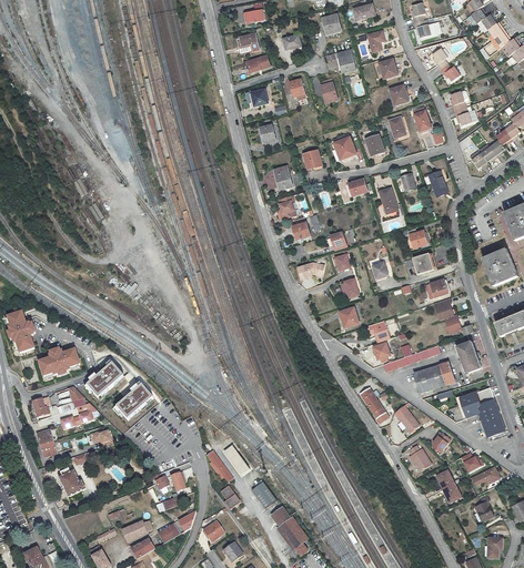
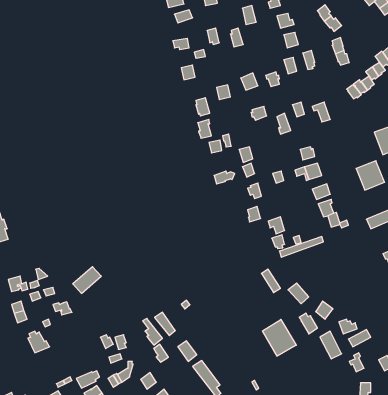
building: [457,334,482,374] -> none
building: [39,351,80,376] -> none
building: [413,362,455,393] -> none
building: [88,364,124,398] -> none
building: [456,387,505,437] -> none
building: none -> [262,319,296,356]

